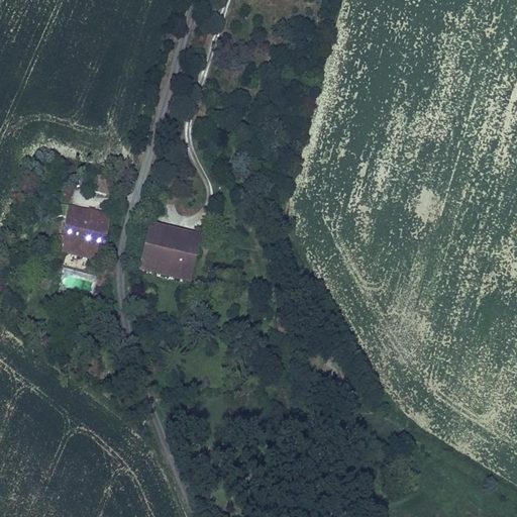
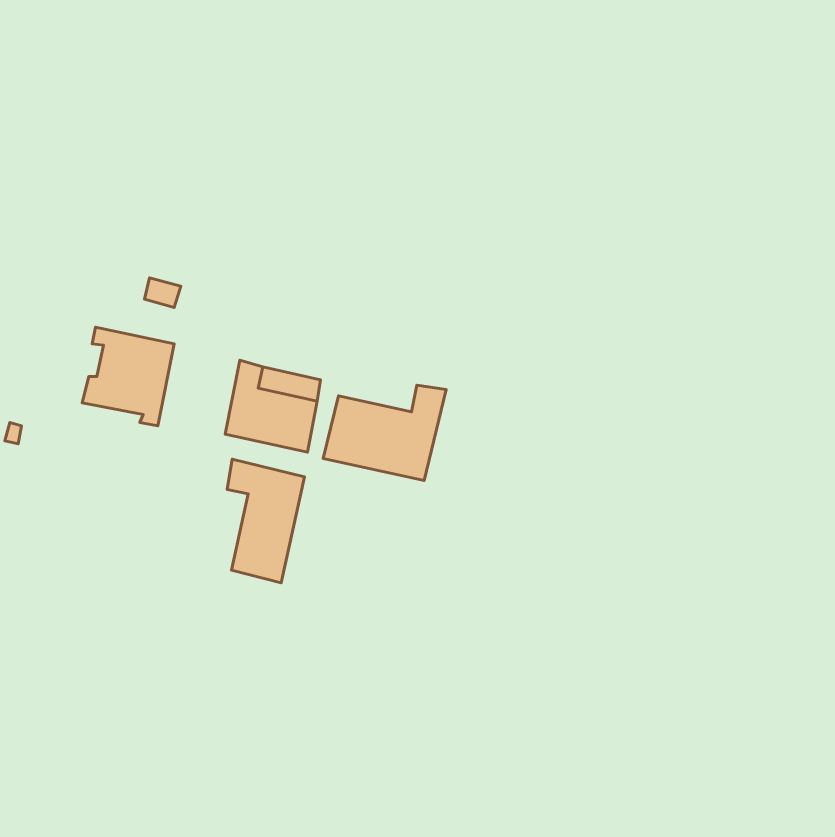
building: none -> [323,385,446,481]
building: none -> [227,459,304,583]

